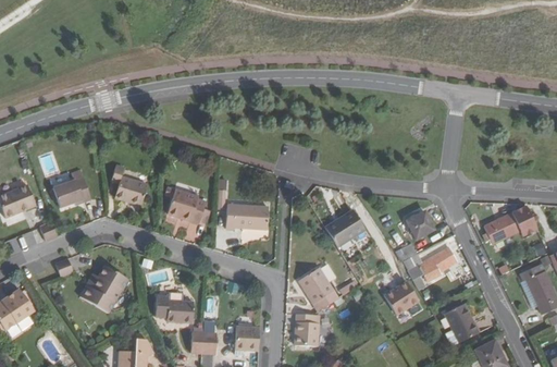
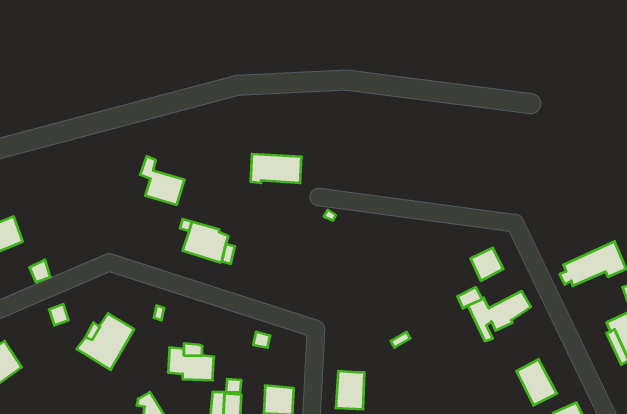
building: [111,164,148,205] -> [140,156,185,205]
building: [53,170,91,207] -> none
building: [226,205,269,229] -> [251,154,302,183]
building: [325,210,366,246] -> none
building: [299,268,338,310] -> none
building: [384,280,423,322] -> none

